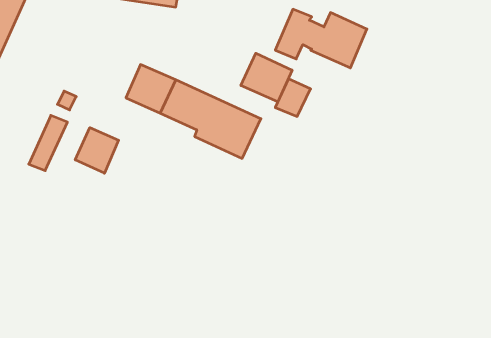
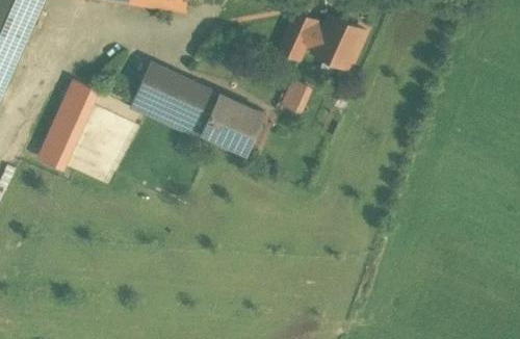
building: [241,53,292,102] -> none
building: [75,128,119,173] -> none

